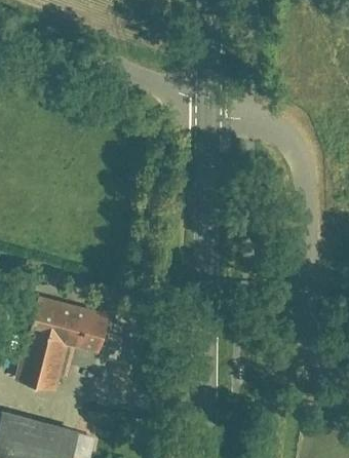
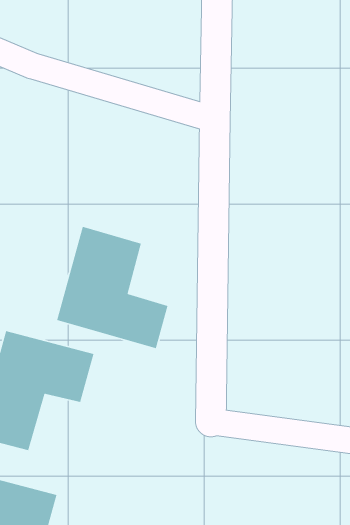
building: none -> [56,226,169,349]

